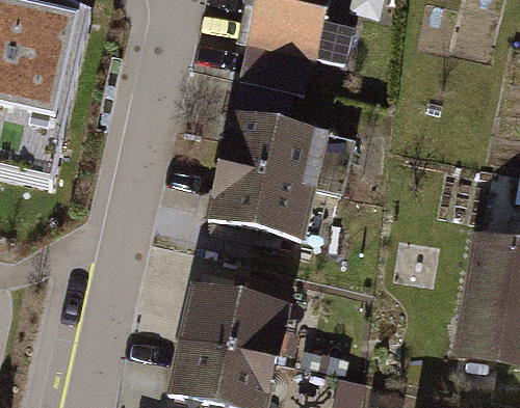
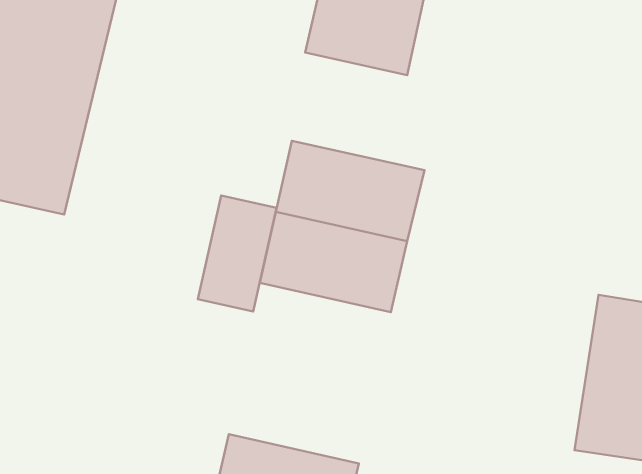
building: none -> [198,196,277,311]
building: [181,291,294,366] -> none

